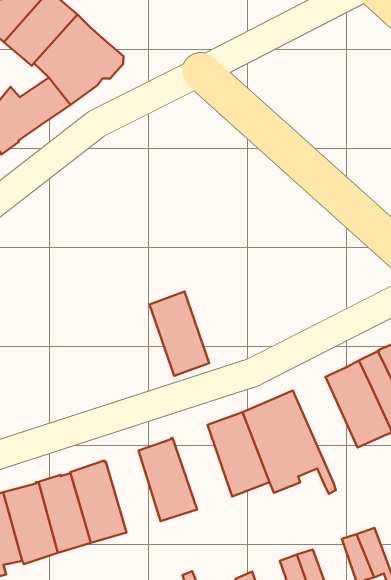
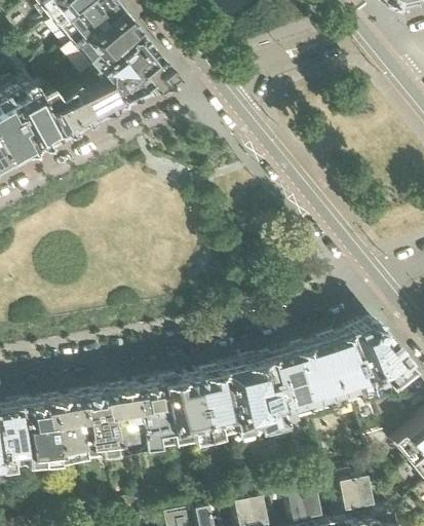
building: [150,292,209,376] -> [162,378,203,445]
building: none -> [265,353,310,440]
building: none -> [106,390,143,455]

